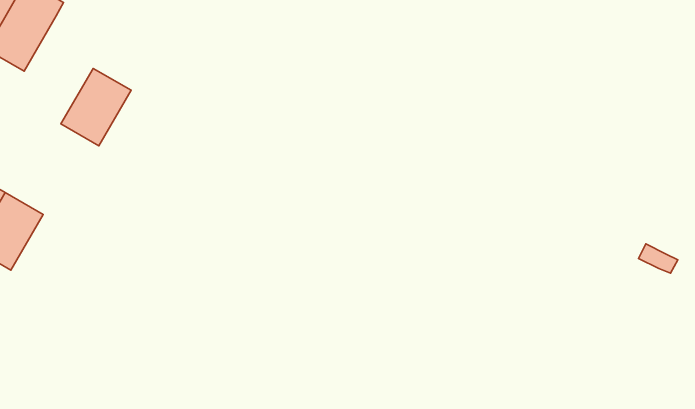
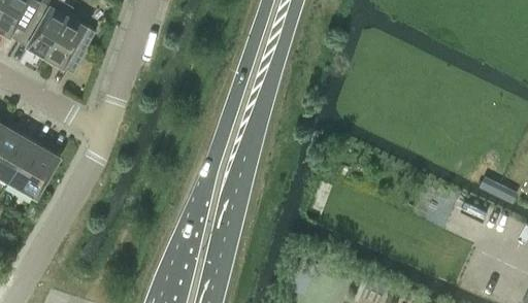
building: [61,68,131,146] -> [44,18,94,72]

